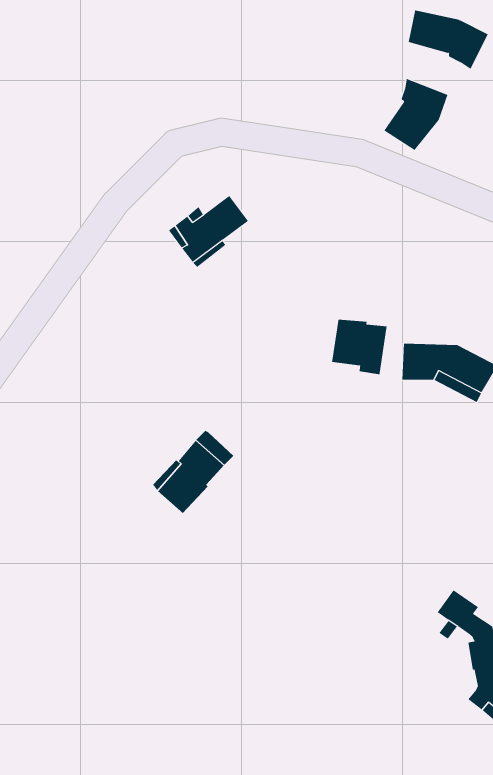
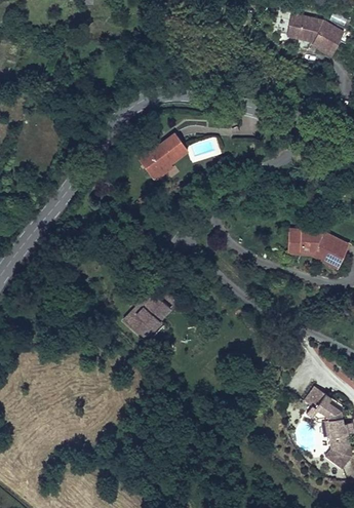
building: [383,78,448,151] -> none
building: [332,319,387,375] -> none

